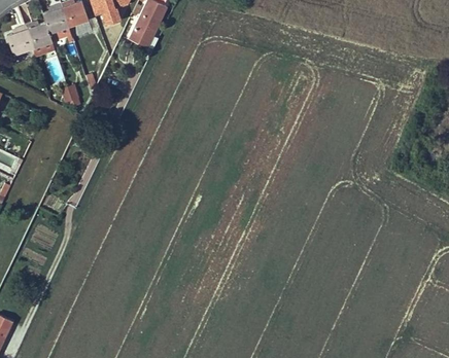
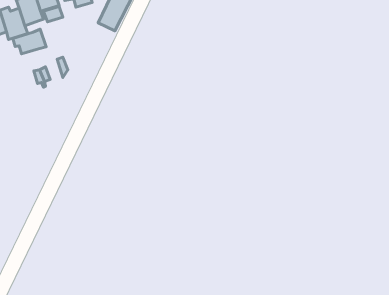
building: none -> [13,29,46,54]

